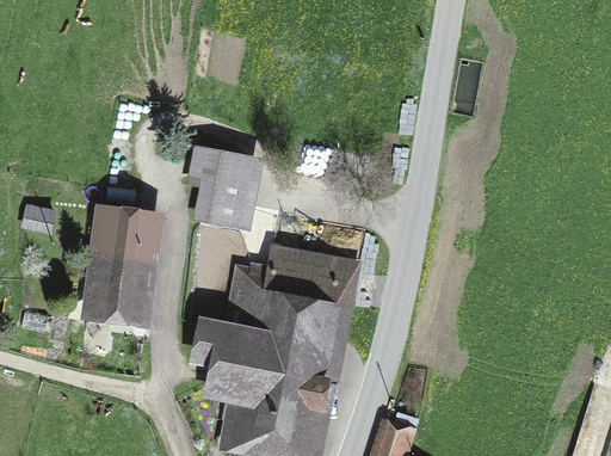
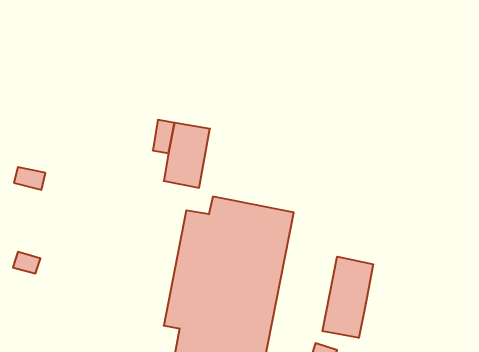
building: [82,208,156,323] -> none
building: none -> [323,257,373,338]

